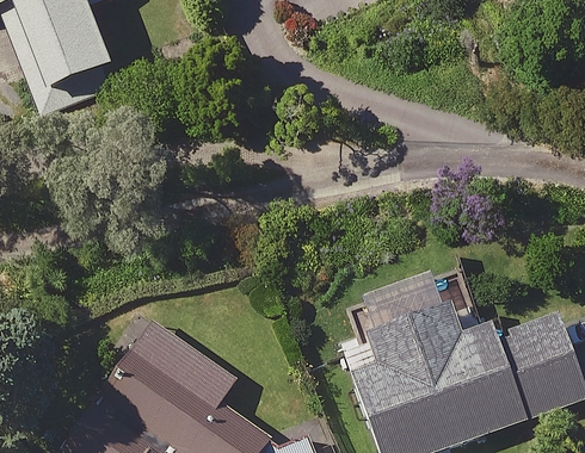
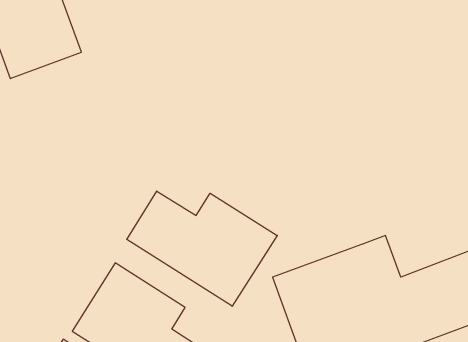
building: none -> [127,191,277,306]

